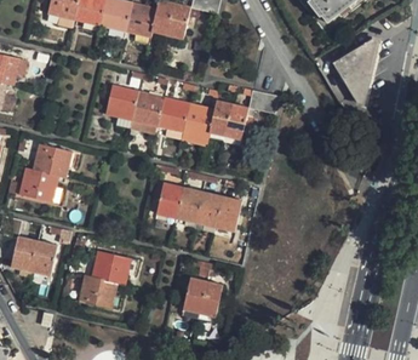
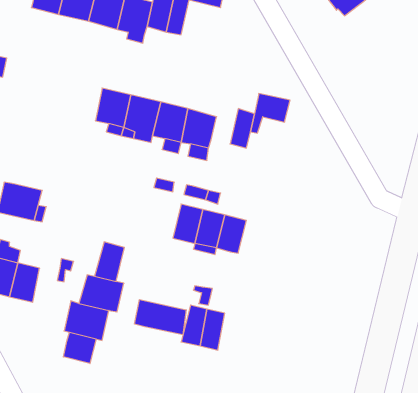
building: [333,35,378,101] -> none
building: [210,99,234,135] -> none
building: [33,143,71,178] -> none
building: [156,183,183,218] -> [94,242,124,281]
building: none -> [135,300,186,335]
building: none -> [63,332,96,364]

